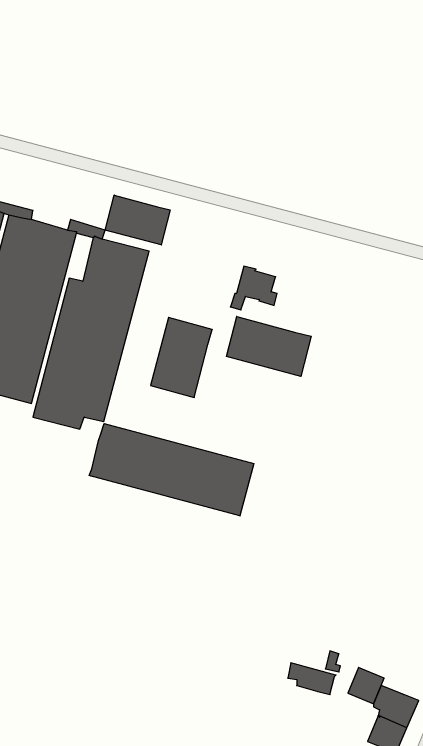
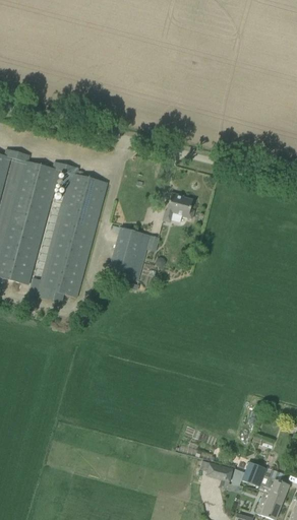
building: [105,195,170,245] -> none
building: [226,316,311,376] -> none
building: [89,424,254,516] -> none

